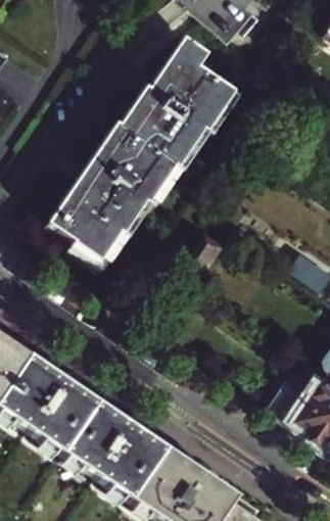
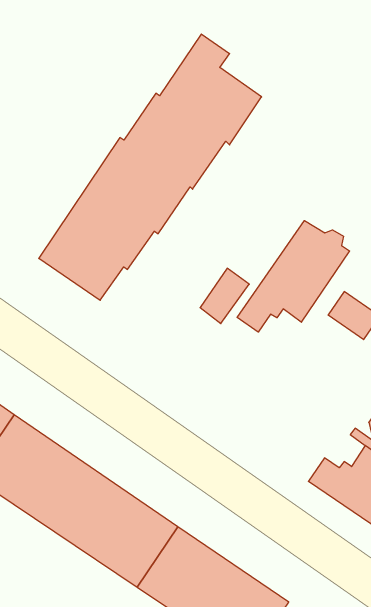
building: none -> [237,221,350,332]

